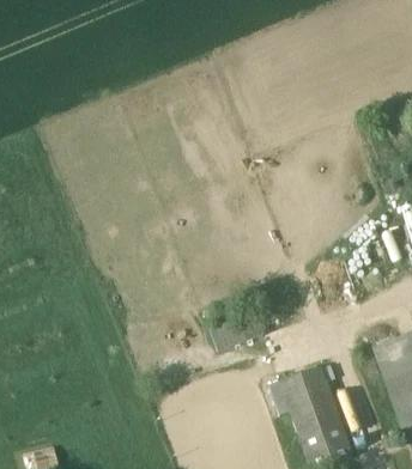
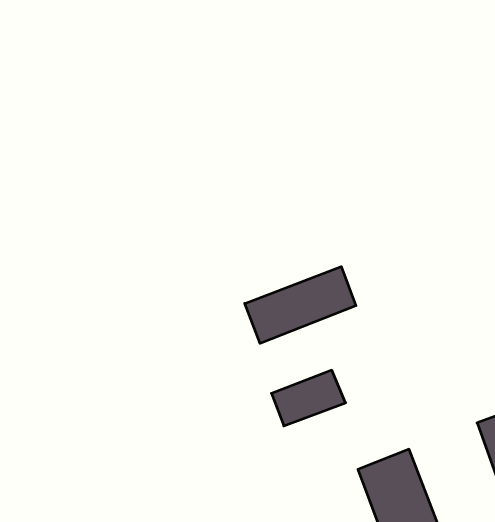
building: none -> [245,267,356,343]

